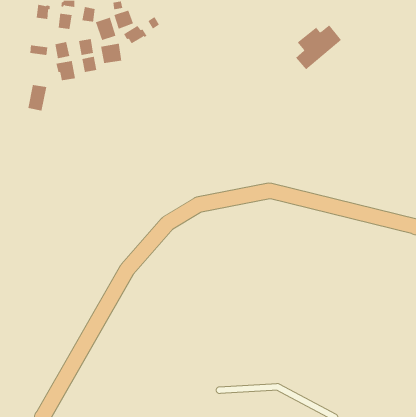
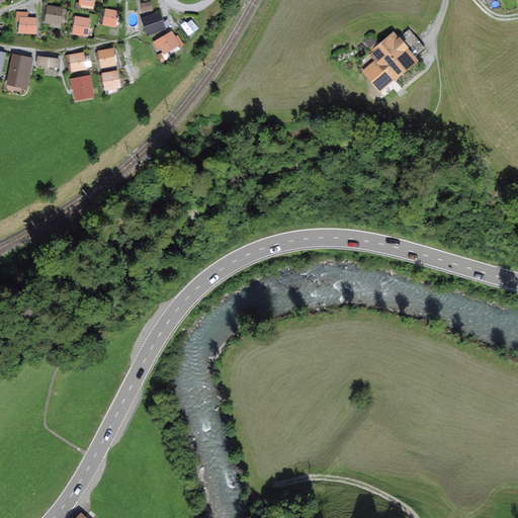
building: none -> [15,11,36,34]
building: [95,17,116,41] -> none
building: [101,43,122,64] -> none
building: [27,84,47,111] -> [5,54,29,87]

